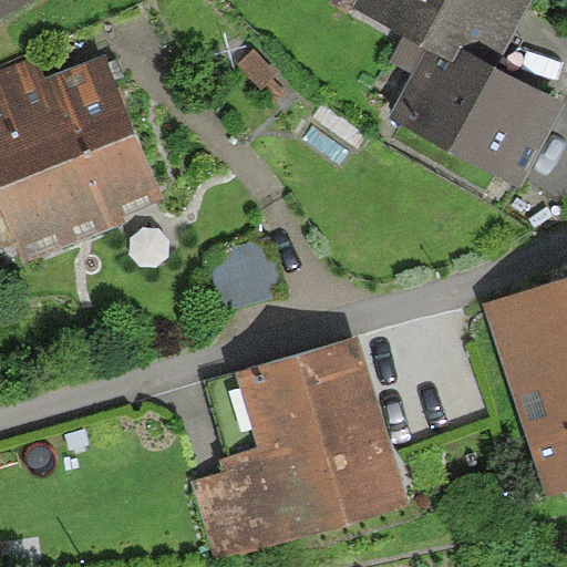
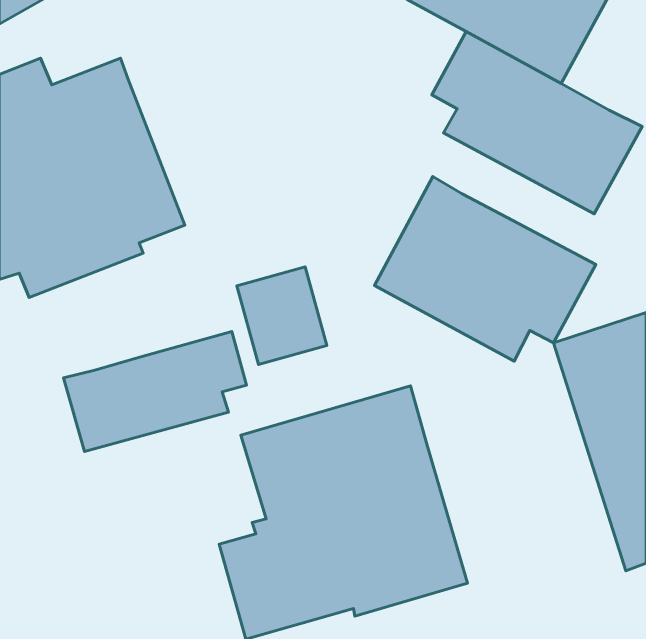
building: none -> [375,176,596,361]
building: none -> [64,332,247,452]

